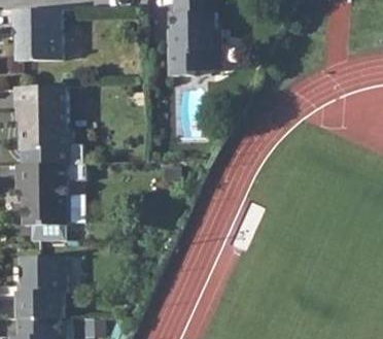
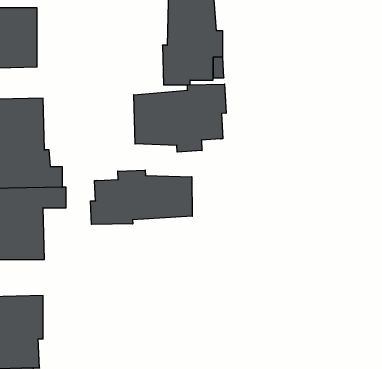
building: none -> [134,84,226,152]
building: none -> [91,170,192,224]

